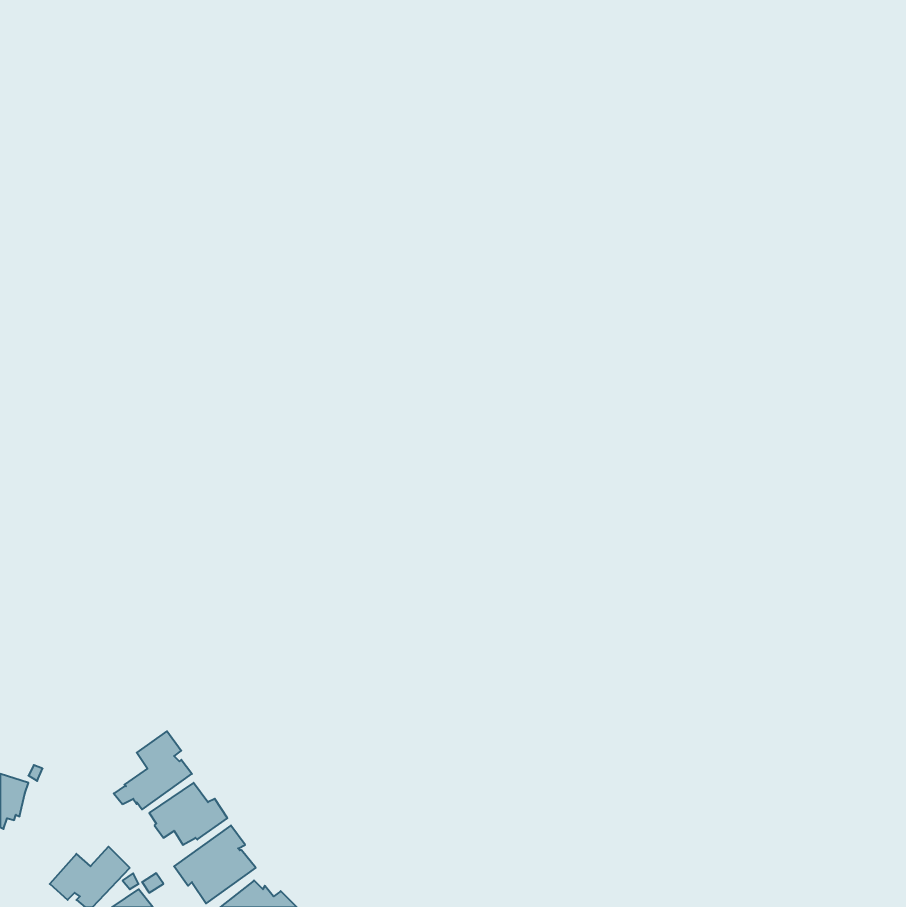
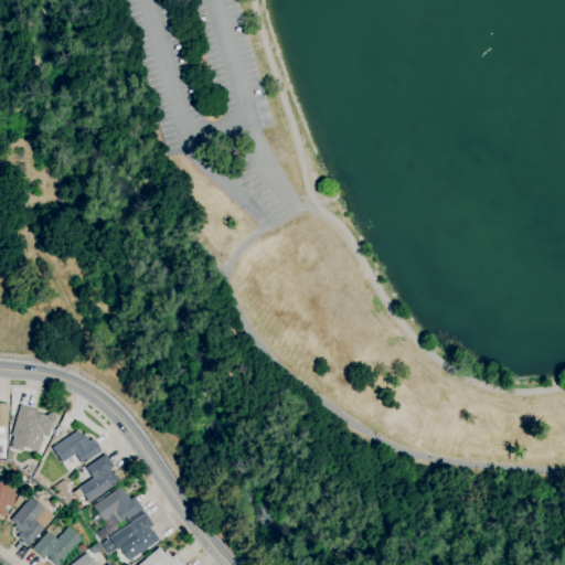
building: none -> [11,405,57,451]
building: none -> [53,430,102,465]
building: none -> [10,497,54,546]

